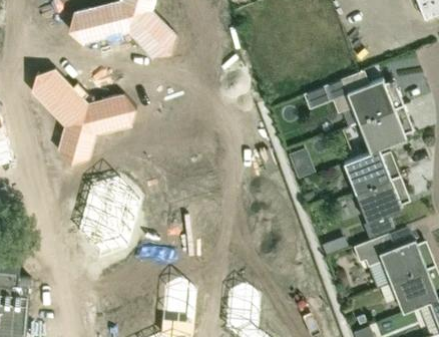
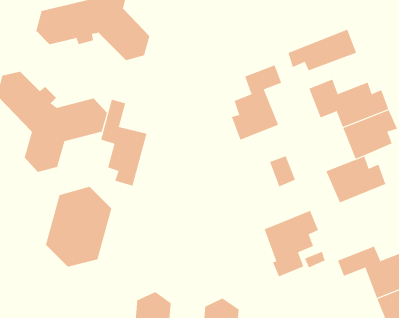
building: none -> [288,29,357,71]
building: none -> [231,64,282,140]
building: none -> [100,99,147,186]
building: [355,175,407,238] -> [264,210,319,277]

